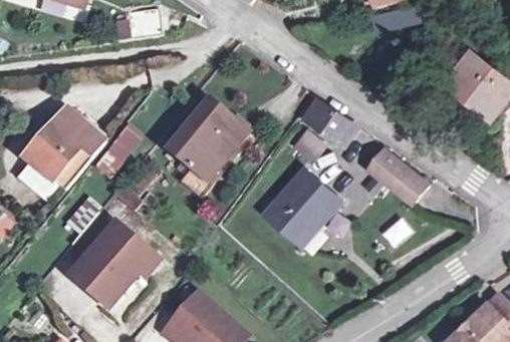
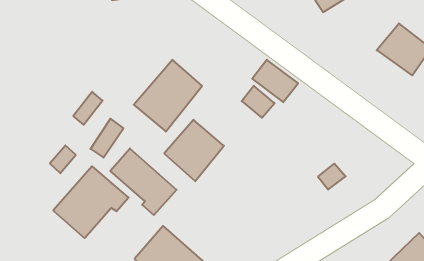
building: [21,108,96,188] -> none
building: [367,150,426,202] -> none
building: [270,173,339,244] -> [164,120,224,181]
building: none -> [110,148,177,215]

